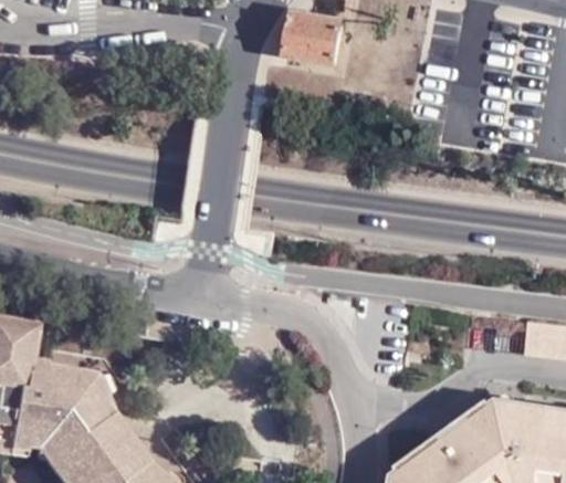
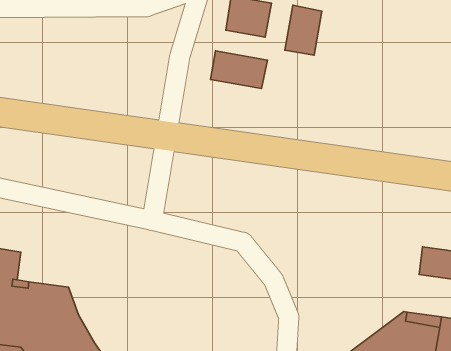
building: none -> [285,5,322,55]
building: none -> [211,51,268,89]

